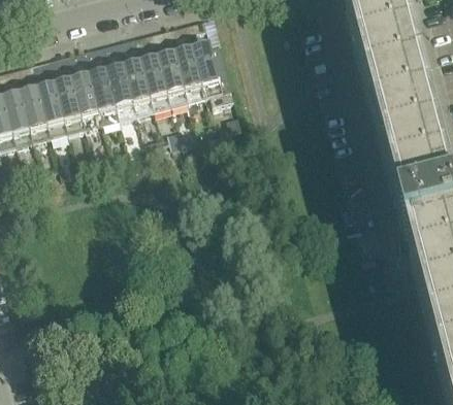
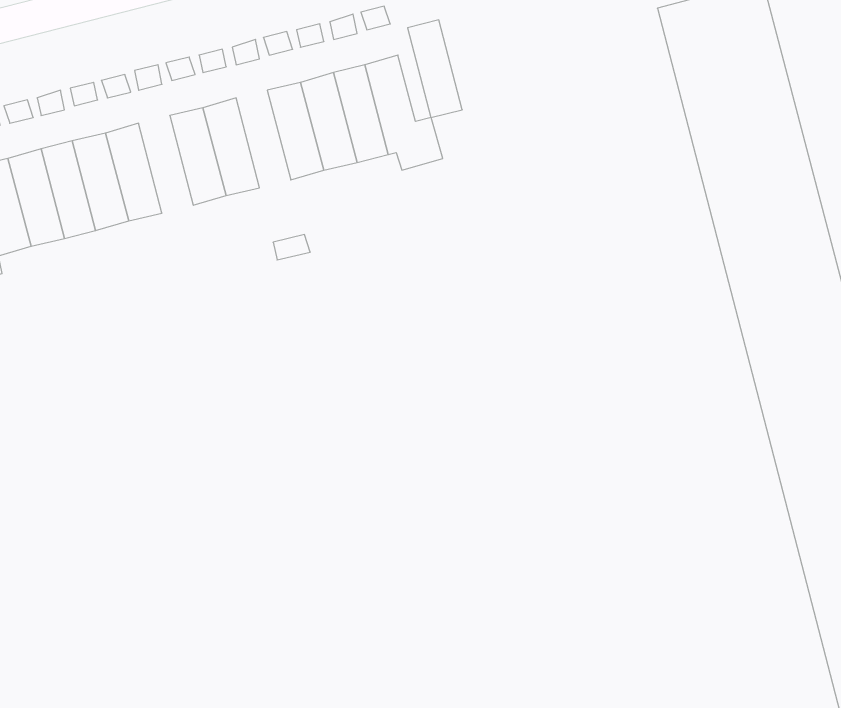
building: [128,57,157,108] -> [408,20,462,118]
building: [76,70,105,122] -> none

